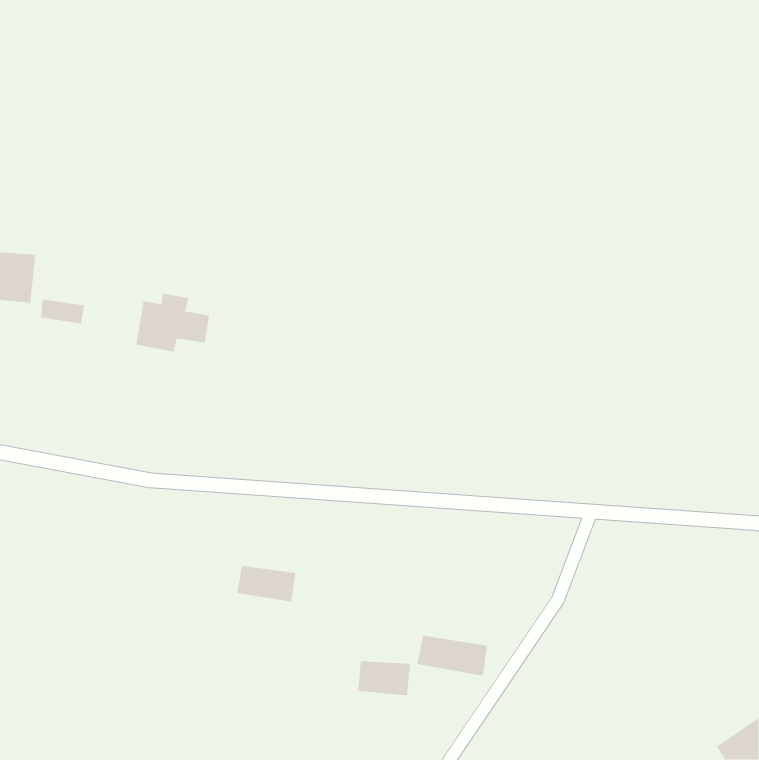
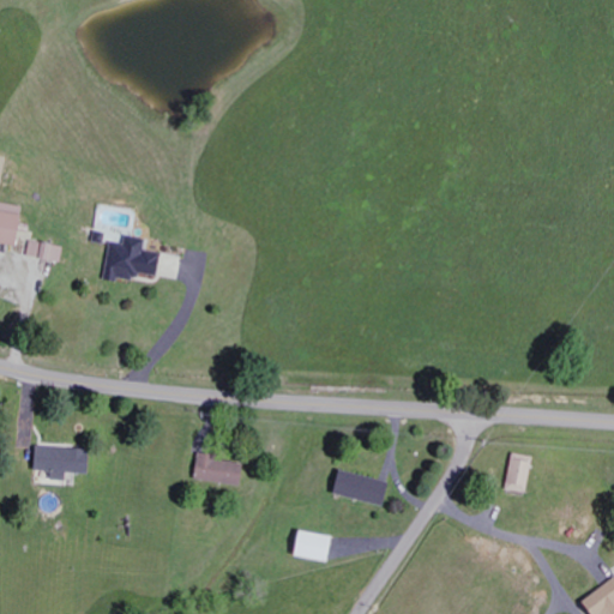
building: none -> [42,447,97,481]
building: none -> [502,453,530,493]
building: [417,635,488,676] -> [329,471,386,505]

